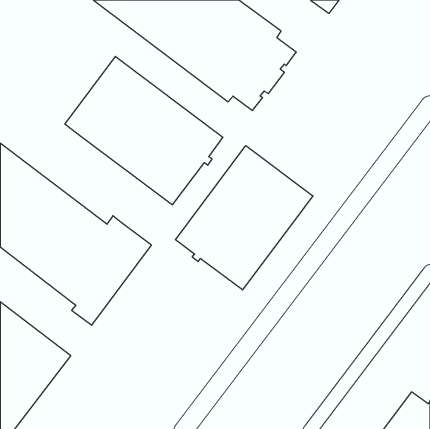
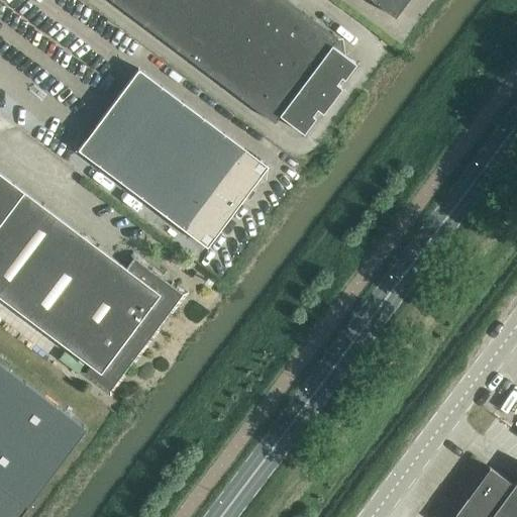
building: [175,146,313,290] -> none

